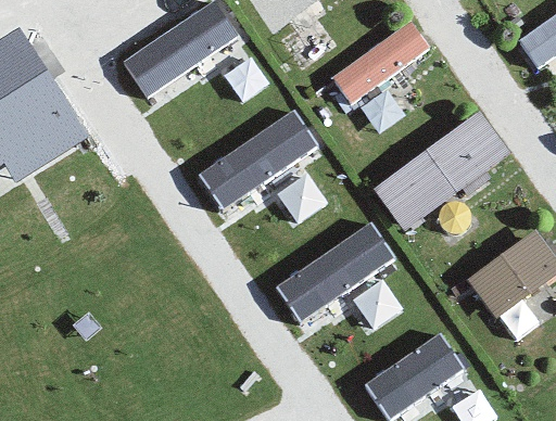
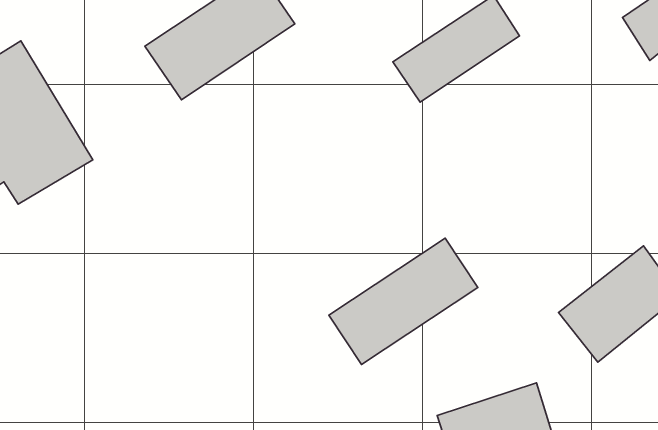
building: [198,110,321,209] -> none
building: [375,112,513,231] -> none

